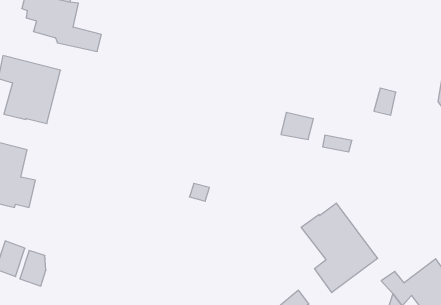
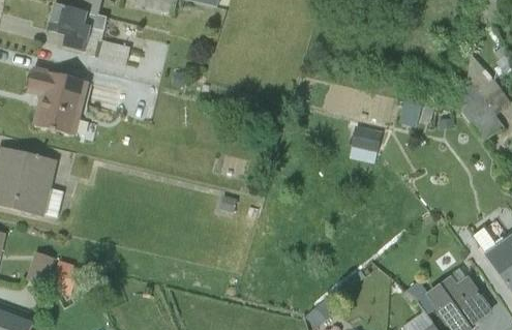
building: [281,112,313,140] -> [350,124,382,151]
building: [301,203,378,293] -> none

